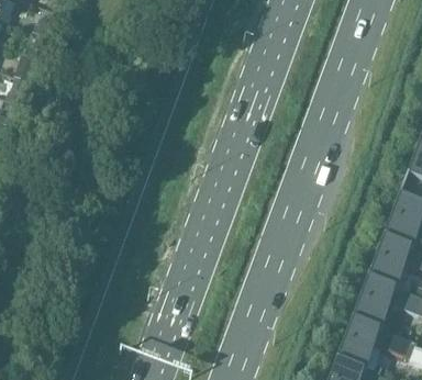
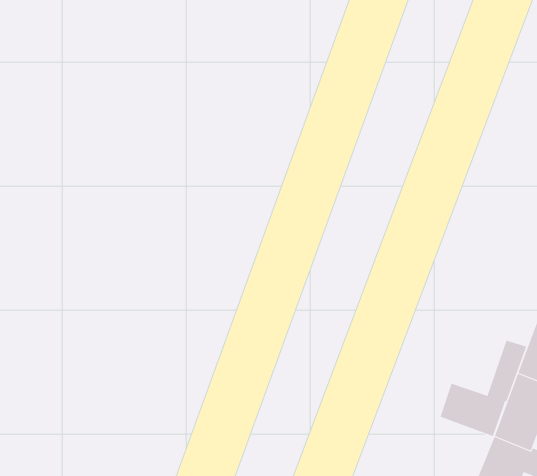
building: none -> [440,340,527,437]

